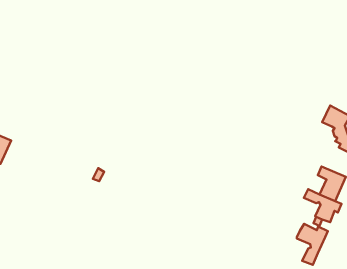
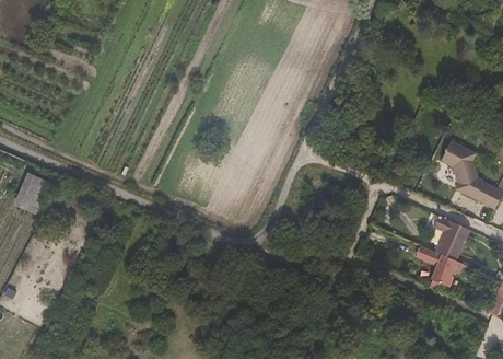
building: [297,224,328,265] -> none

